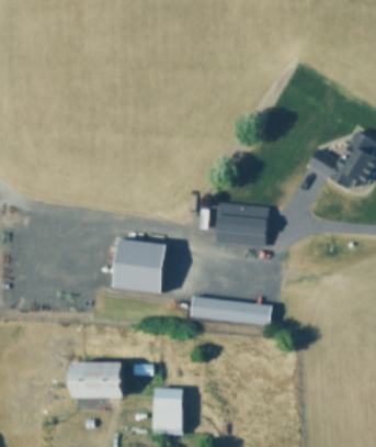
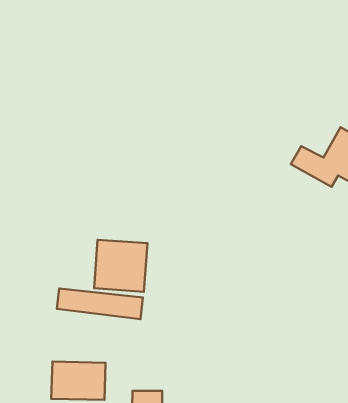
building: [215,203,267,246] -> none
building: [186,297,270,326] -> [57,289,143,319]

